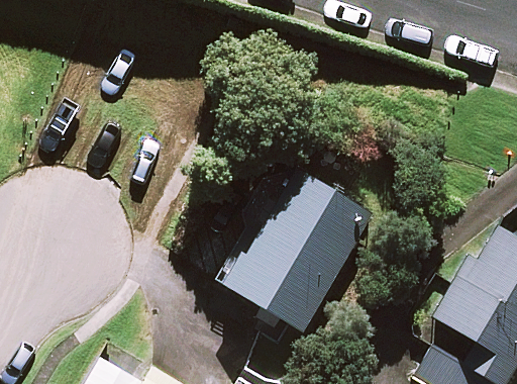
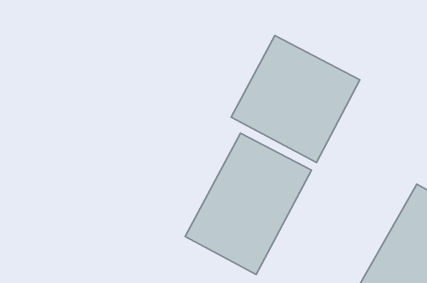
building: none -> [231,35,360,162]

